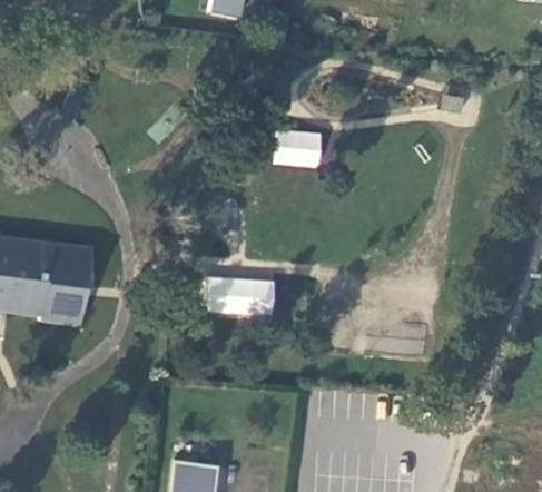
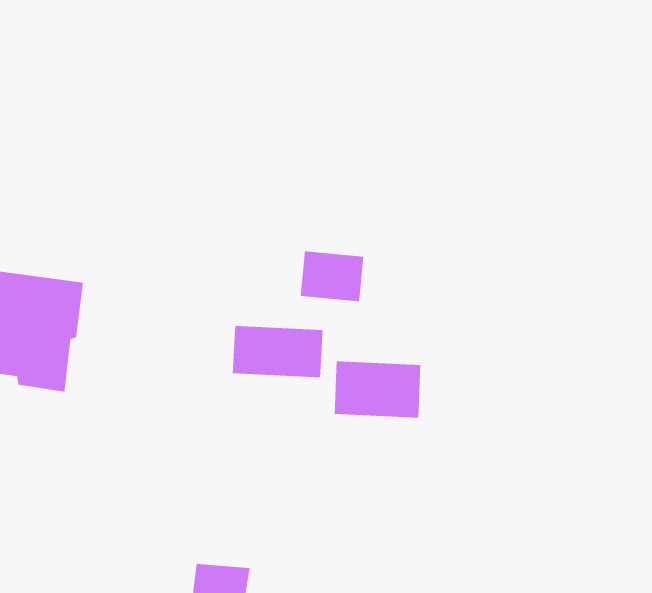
building: [273,129,323,169] -> [300,251,364,302]
building: none -> [334,360,421,418]

